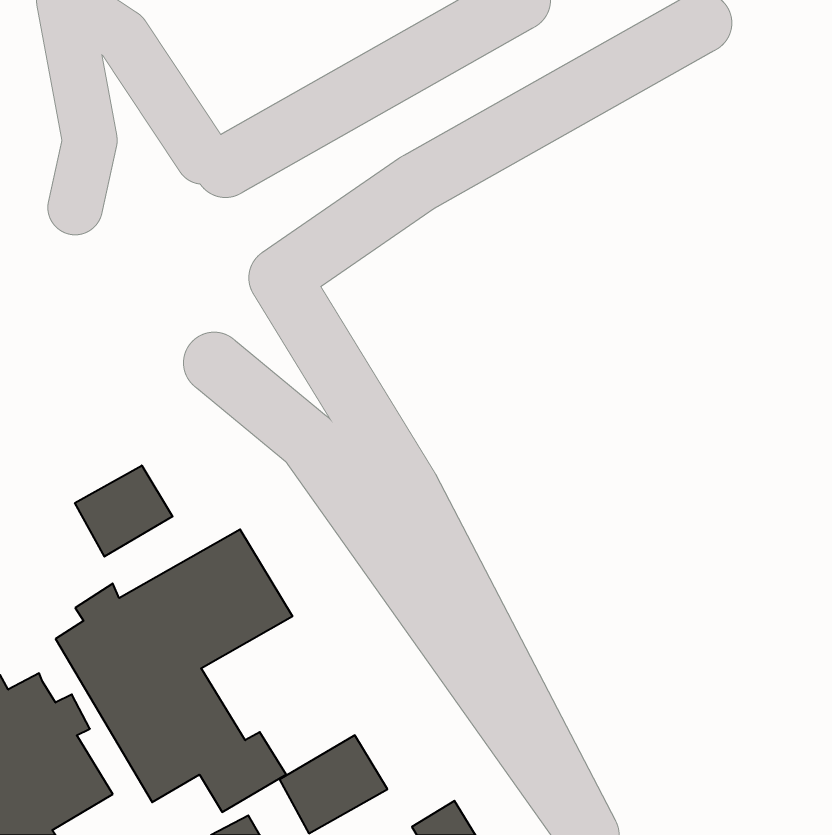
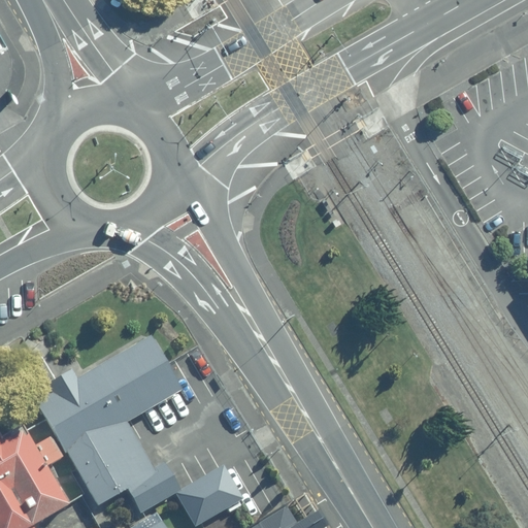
building: [75,465,173,557] -> none

